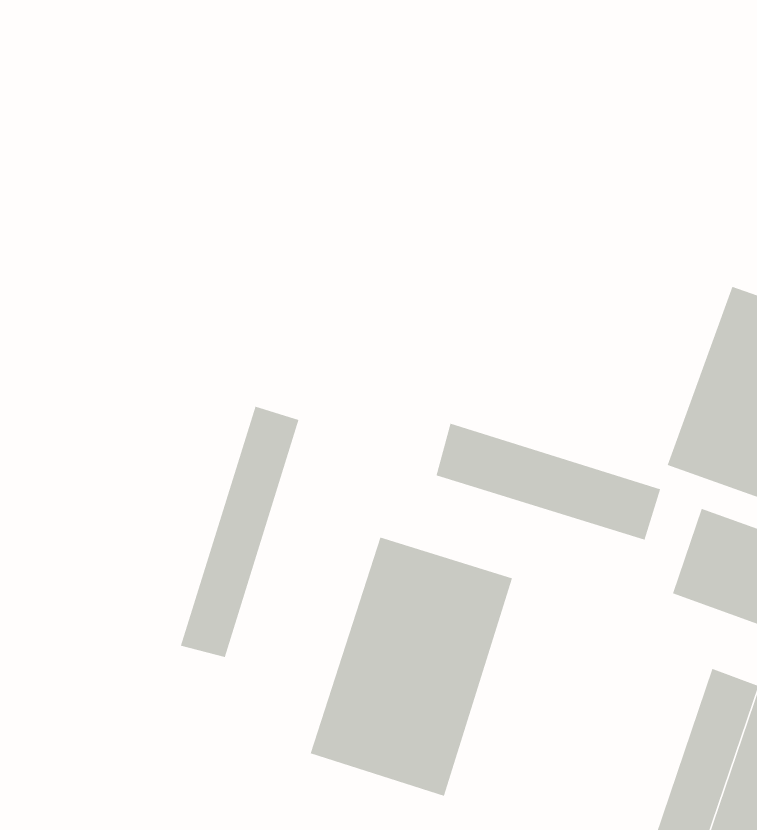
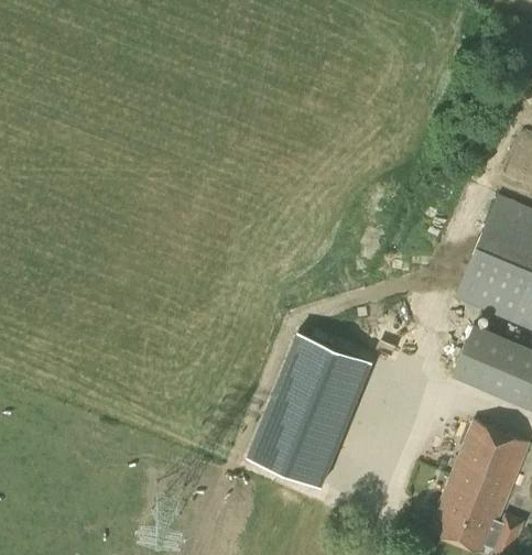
building: [180,406,299,658] -> none
building: [436,423,661,540] -> none

